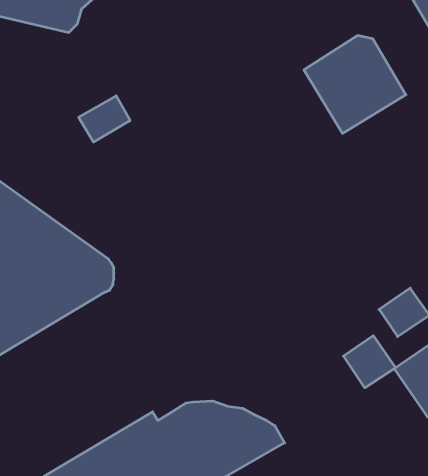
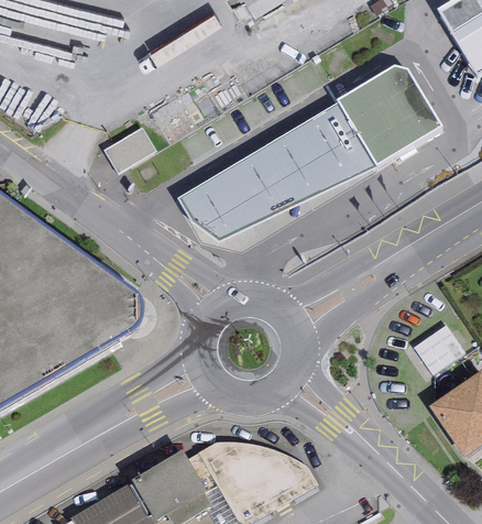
building: none -> [176,100,375,239]
building: [343,336,396,388] -> none

